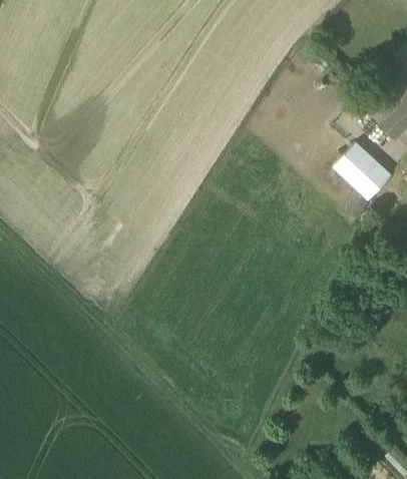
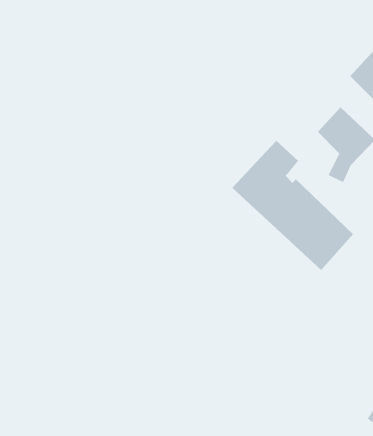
building: none -> [232,140,354,271]

